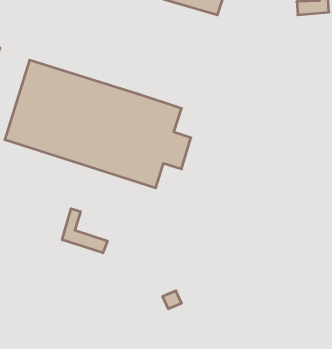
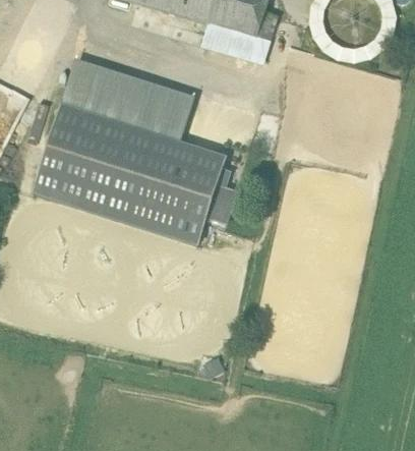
building: none -> [60,67,189,144]
building: [62,209,107,253] -> none

